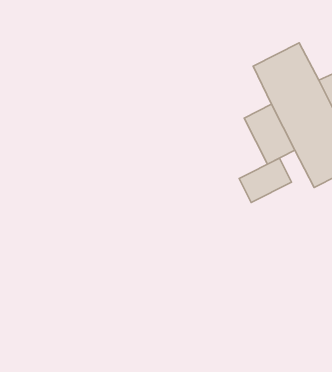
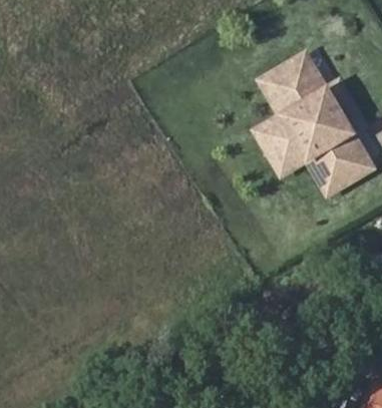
building: [239,158,292,203] -> none

